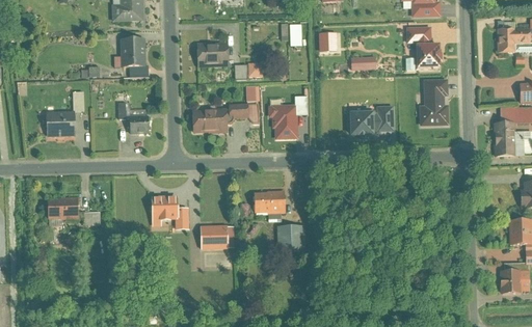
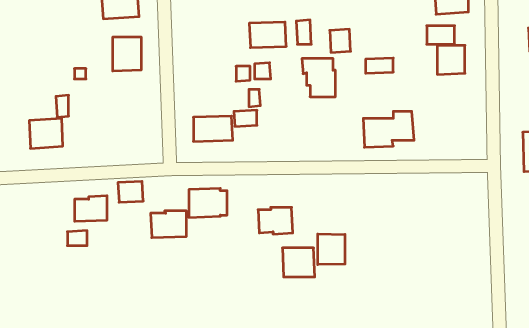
building: [198,43,232,65] -> [249,22,286,48]
building: [419,79,449,127] -> none
building: [267,105,297,139] -> [302,59,335,97]
building: [129,113,152,132] -> [118,181,143,202]
building: [48,196,77,219] -> [75,196,107,221]
building: none -> [318,234,345,265]
building: [200,224,234,250] -> [189,188,227,217]

